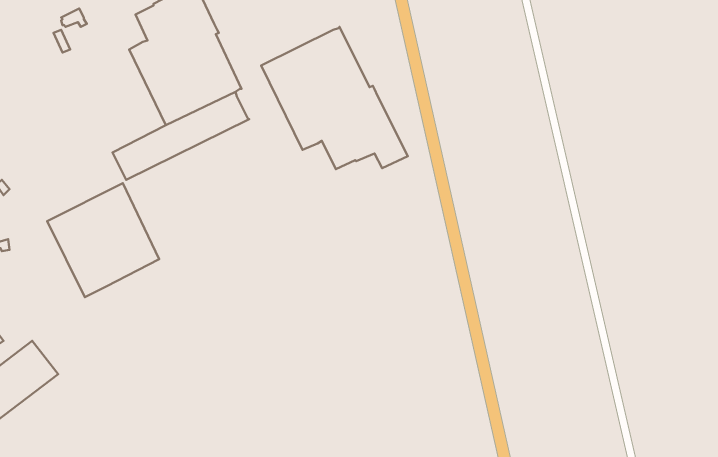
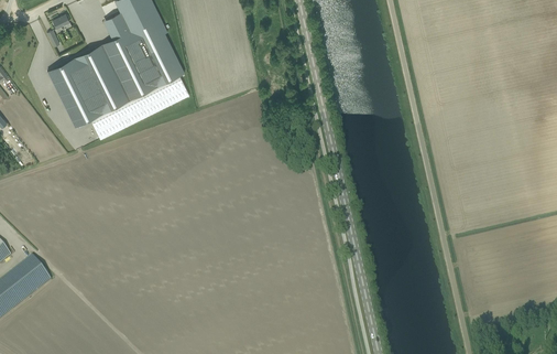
building: [261,27,408,169] -> none
building: [47,183,159,297] -> [44,37,125,120]

